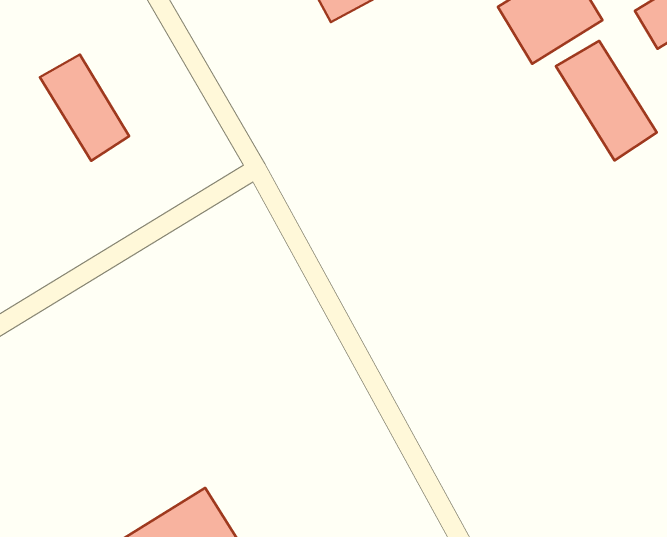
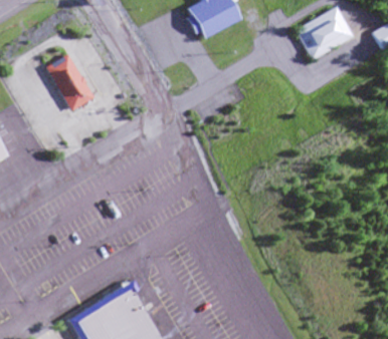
building: [556,41,657,161] -> none

